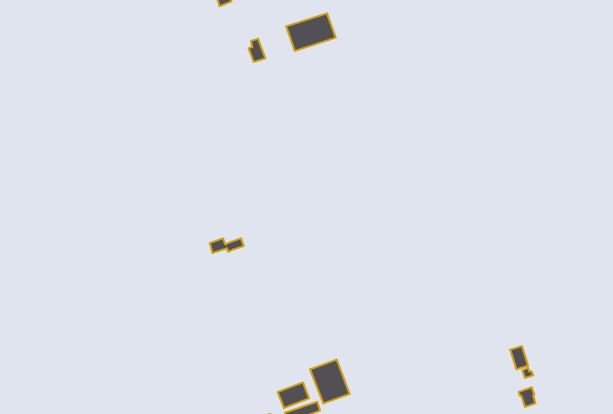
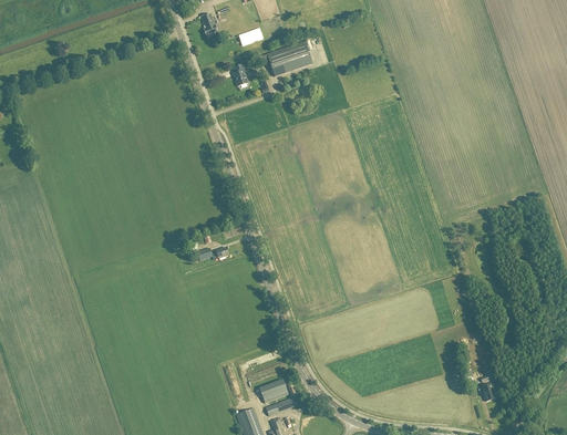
building: [310,360,350,404] -> none

